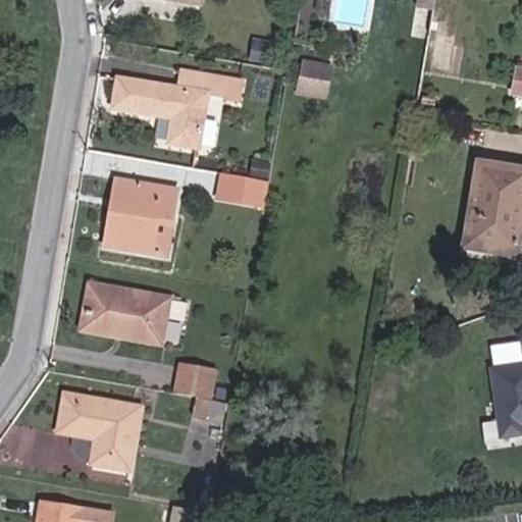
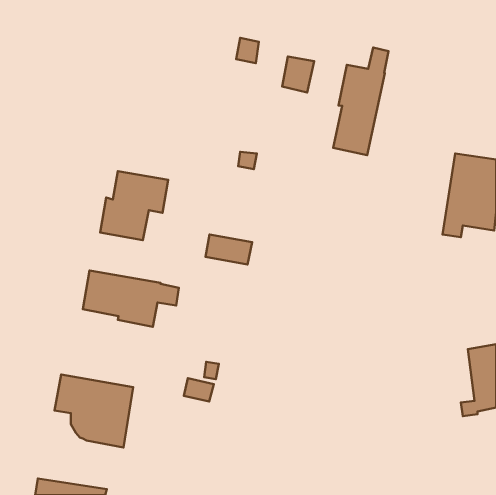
building: none -> [333,48,388,155]
building: [113,71,242,146] -> none
building: [218,172,267,204] -> [206,234,252,265]
building: [176,365,214,398] -> none

